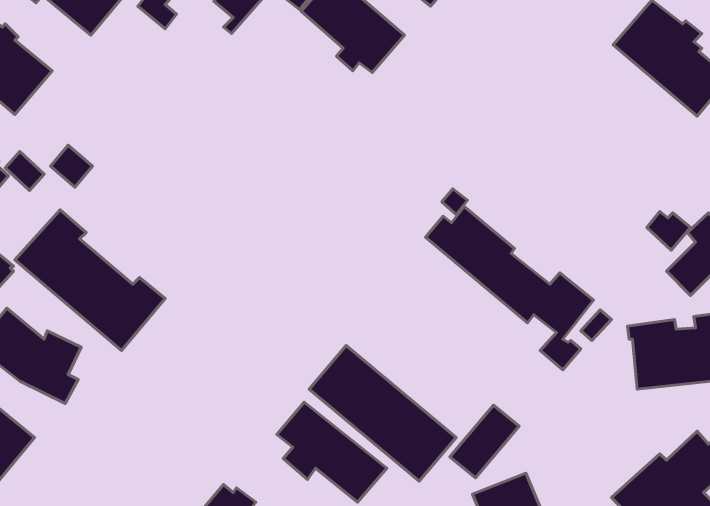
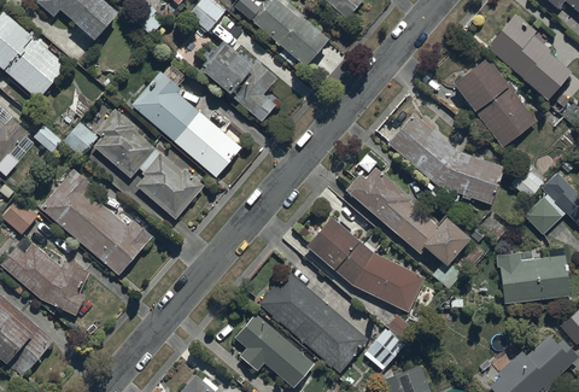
building: none -> [200,42,276,121]
building: none -> [455,58,537,147]
building: none -> [131,72,241,179]
building: none -> [93,110,205,221]
building: none -> [386,113,504,206]
building: none -> [306,217,425,312]

